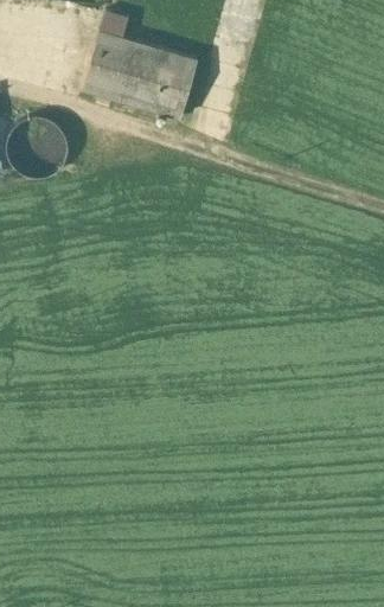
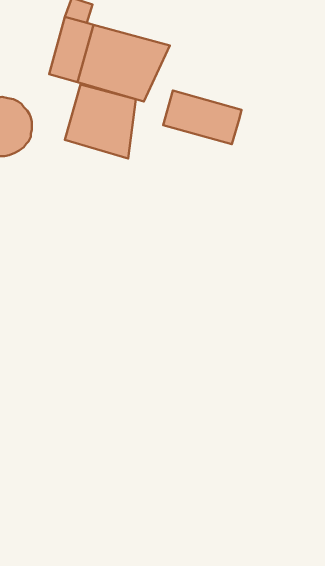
building: none -> [65,84,136,158]
building: none -> [163,91,241,144]

